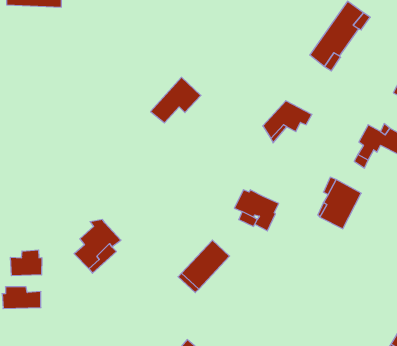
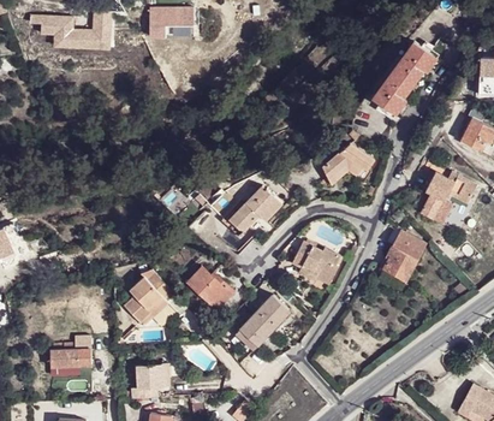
building: [151,77,201,123] -> [228,185,281,233]
building: none -> [188,267,233,310]
building: [10,250,42,276] -> none
building: none -> [131,364,162,399]

